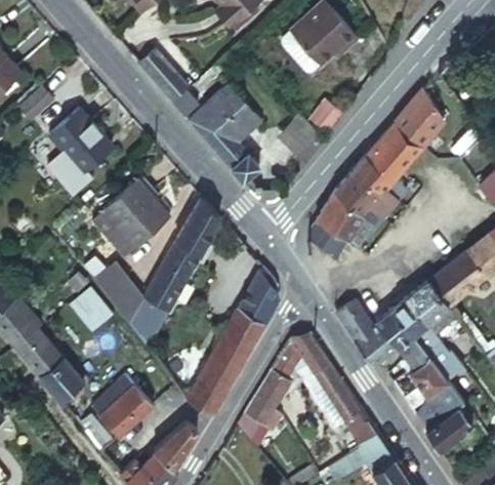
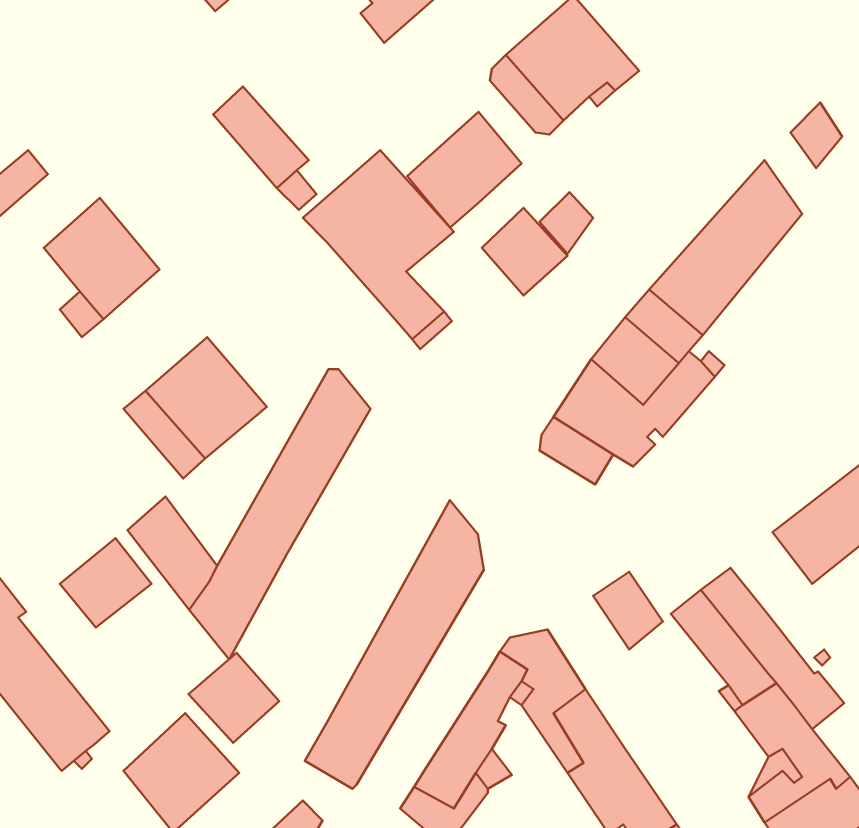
building: none -> [407,112,522,228]
building: [407,281,449,325] -> none
building: [352,323,397,368] -> none
building: none -> [189,653,279,743]

